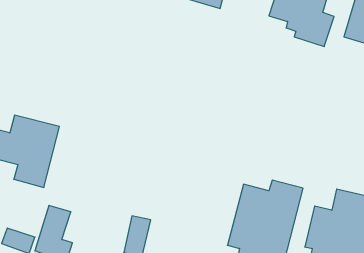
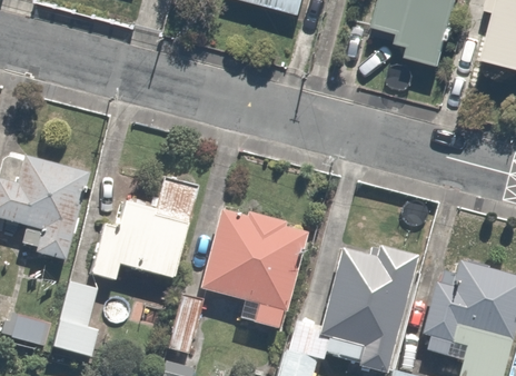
building: none -> [90,180,199,280]
building: none -> [200,210,308,330]

